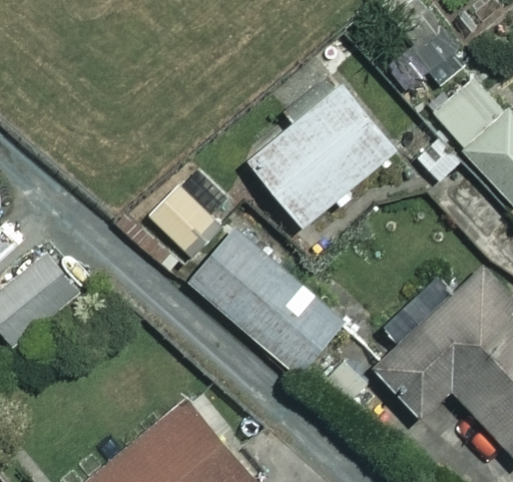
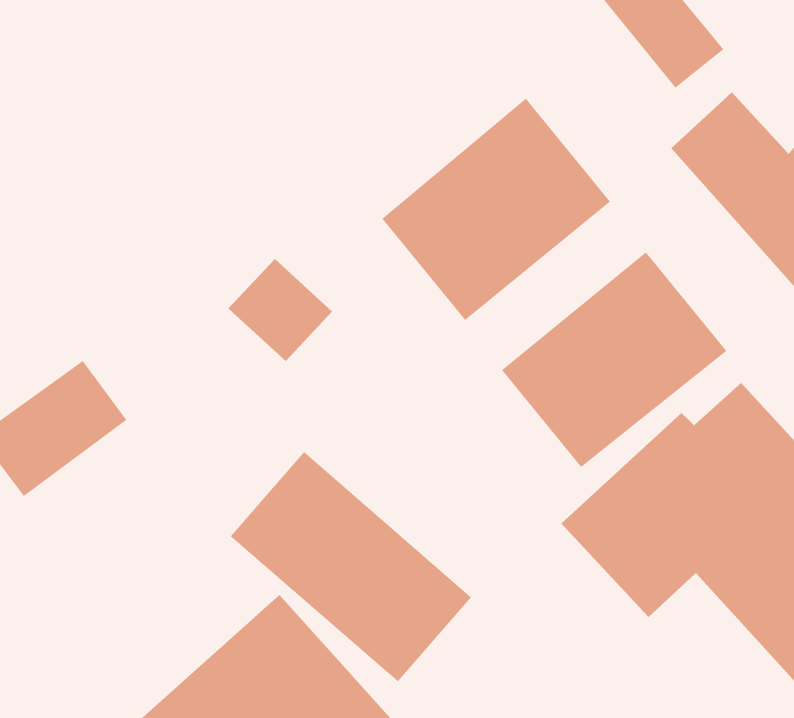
building: none -> [501,252,727,468]
building: [187,227,342,375] -> [230,451,472,682]

